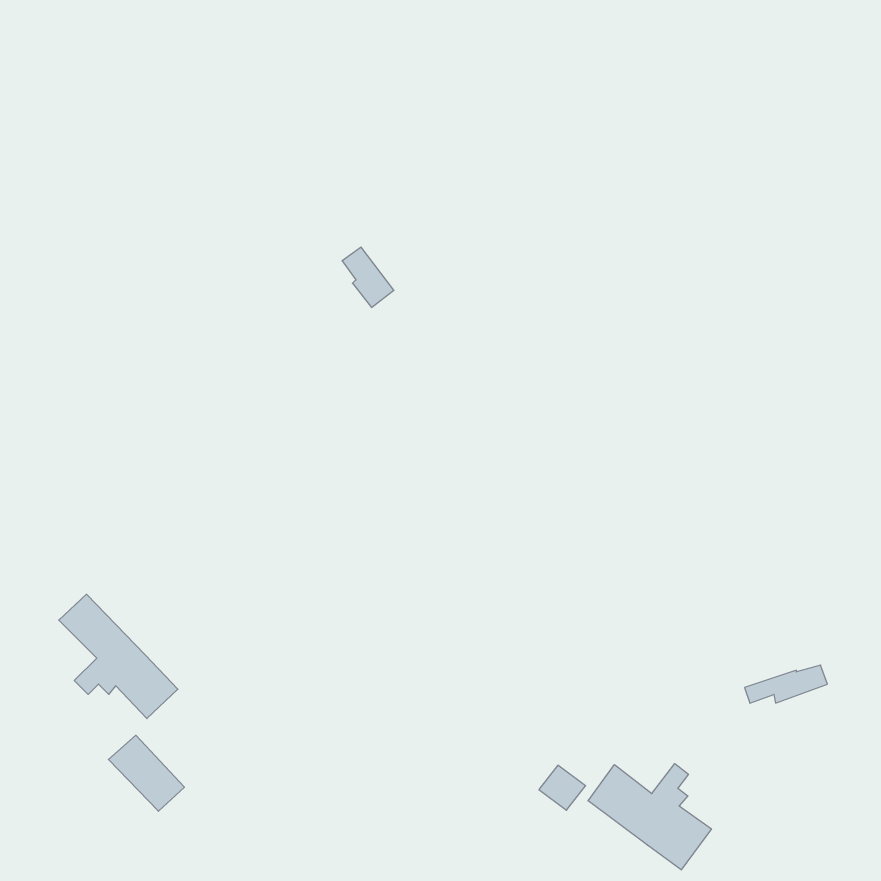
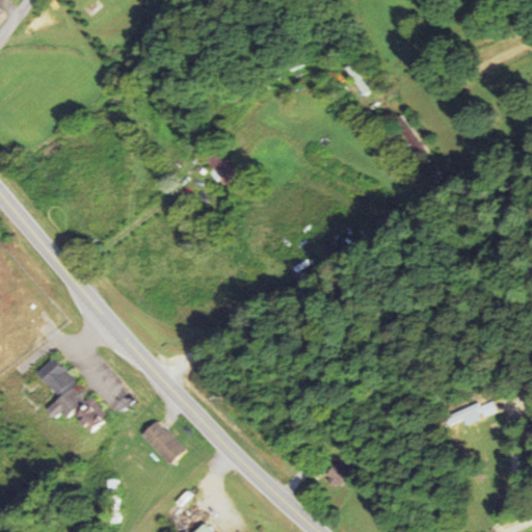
building: [108,735,184,811] -> [140,419,186,464]
building: [588,764,711,870] -> none

